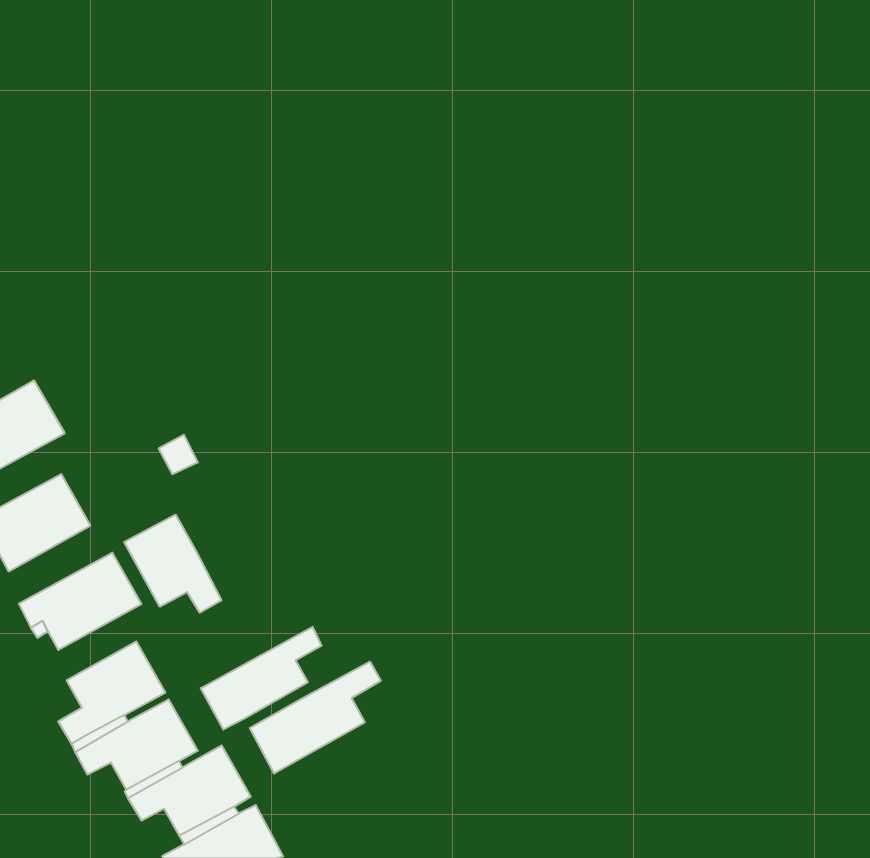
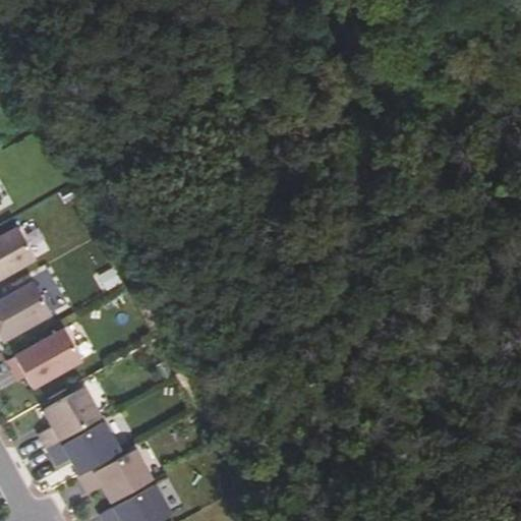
building: [124,515,221,613] -> none
building: [201,627,322,730] -> none
building: [250,662,381,774] -> none

